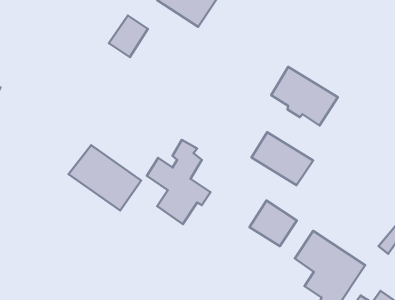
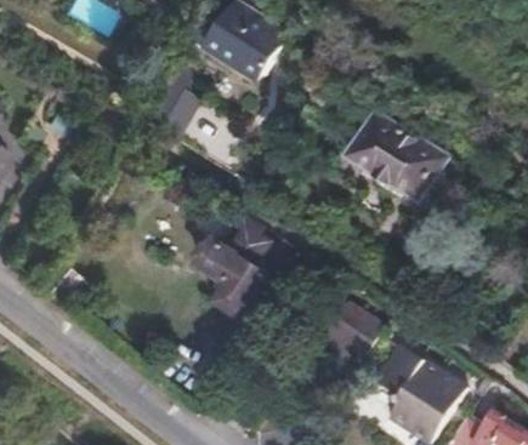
building: [251,132,313,185] -> none
building: [69,145,141,210] -> none

